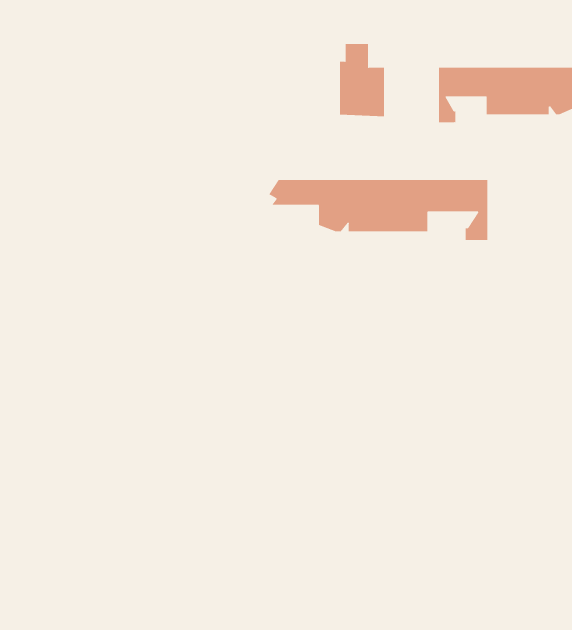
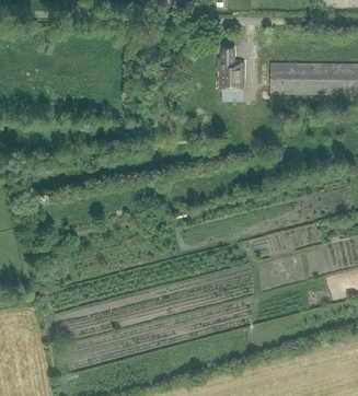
building: [269,179,488,241] -> none

